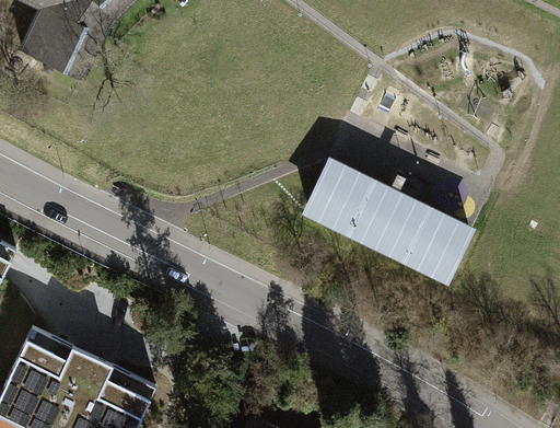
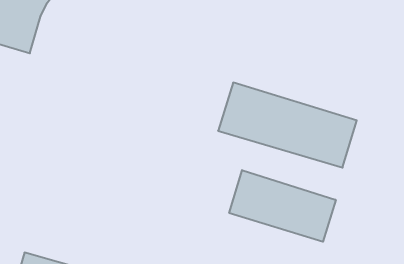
building: none -> [229,170,336,242]

